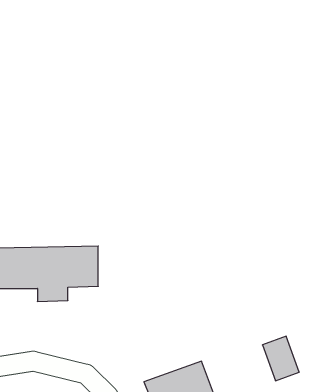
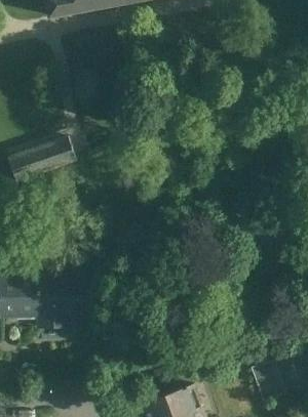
building: none -> [8,138,74,181]

